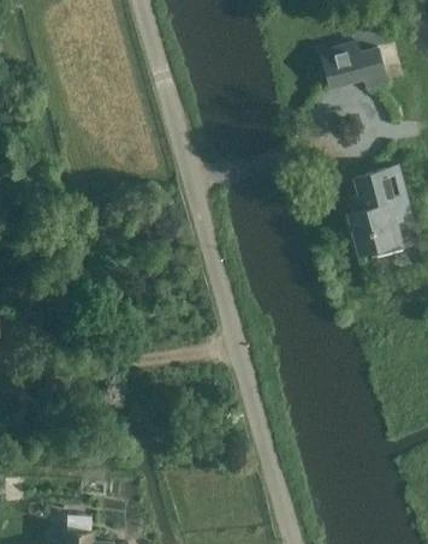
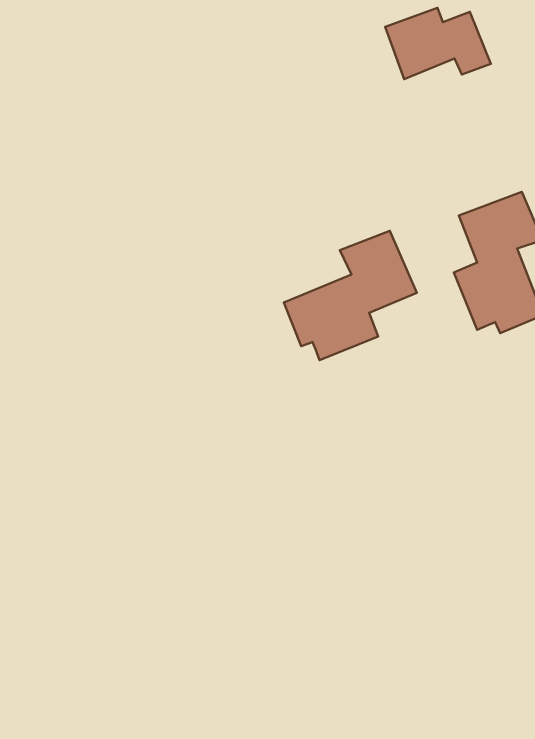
building: none -> [284,231,417,360]

